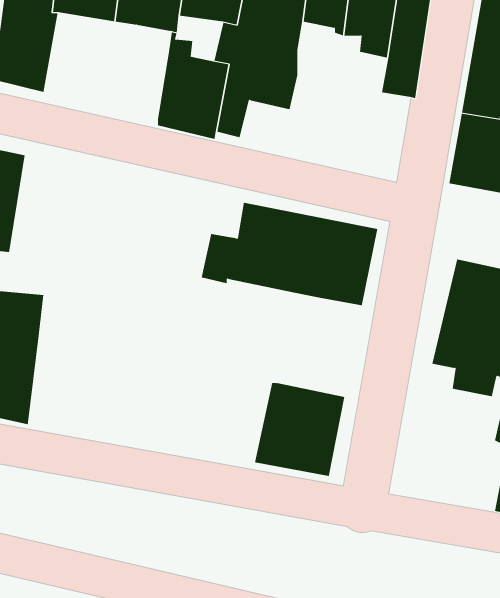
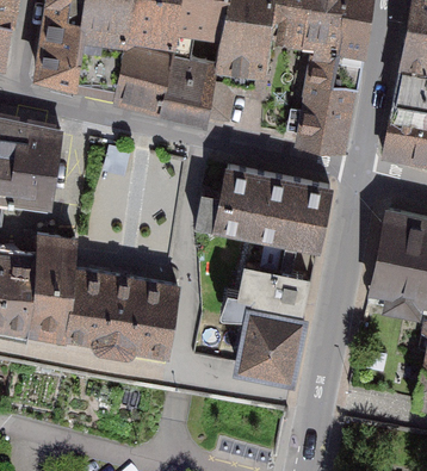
building: none -> [117,29,171,103]
building: none -> [299,51,354,144]
building: none -> [241,235,308,312]
building: none -> [64,267,179,358]

